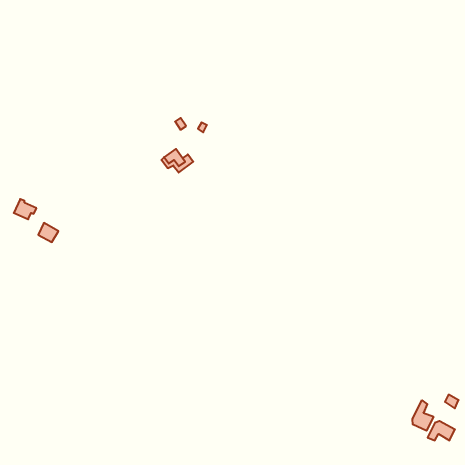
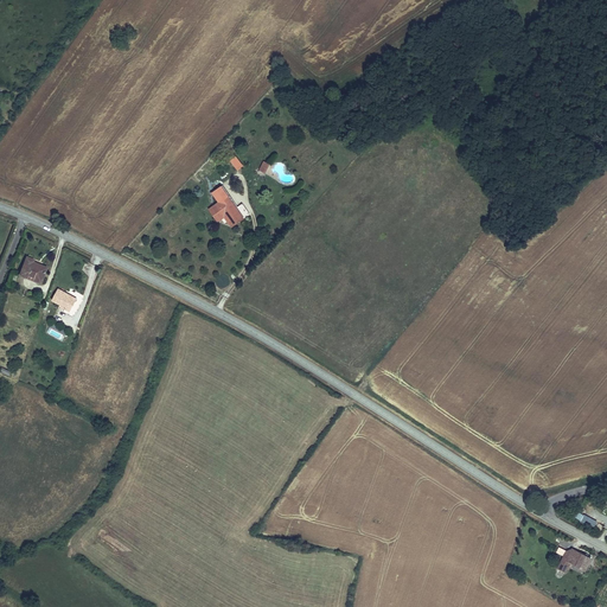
building: [413,400,433,431] -> none

